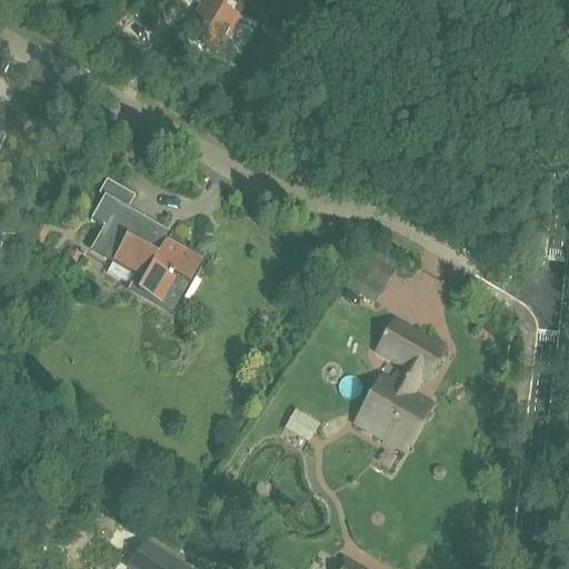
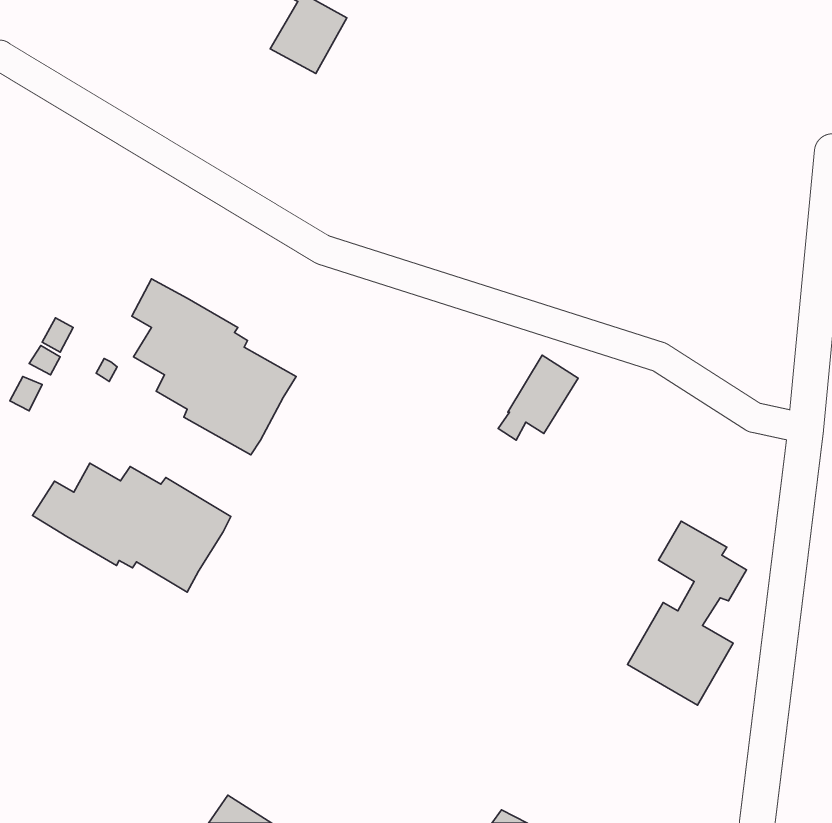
building: none -> [32,463,231,592]
building: [358,319,439,445] -> [627,521,746,705]

